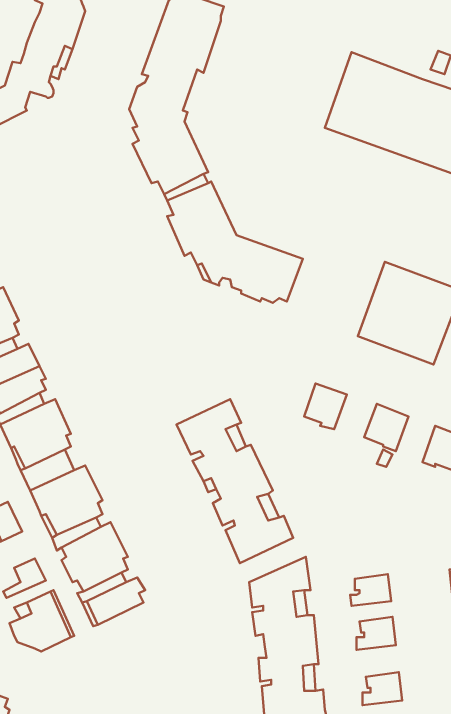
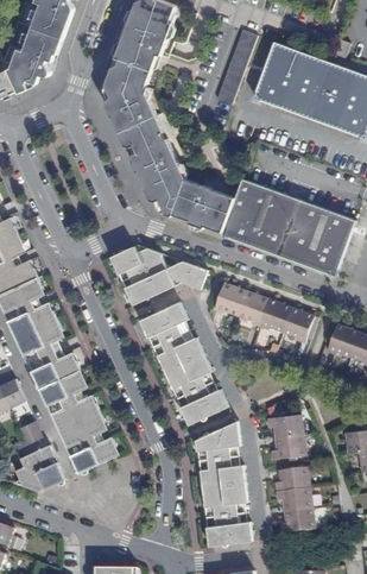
building: none -> [216,30,257,105]
building: none -> [221,178,297,254]
building: none -> [110,245,208,304]
building: none -> [213,282,245,315]
building: none -> [259,298,291,330]
building: none -> [267,412,299,437]
building: none -> [276,487,308,511]

